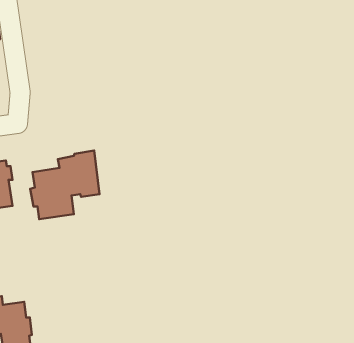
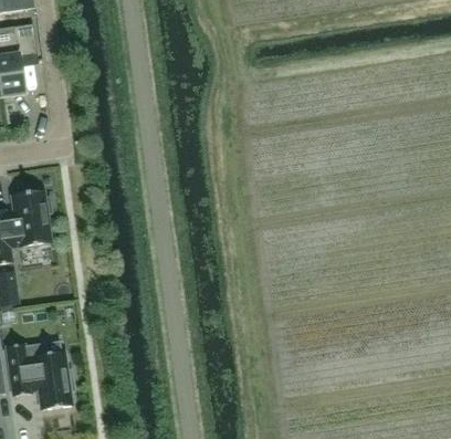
building: [30,151,100,219] -> none

